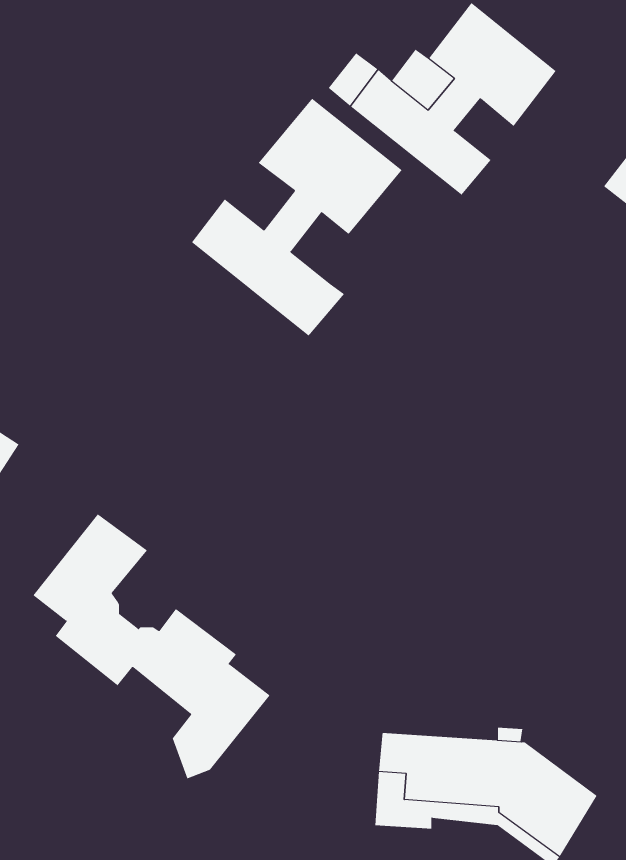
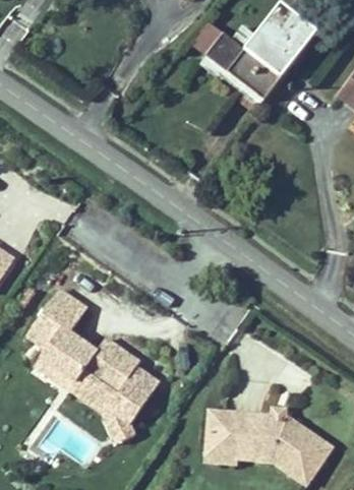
building: [191,98,403,337] -> none
building: none -> [34,350,129,440]

